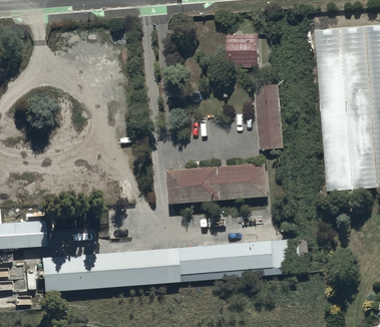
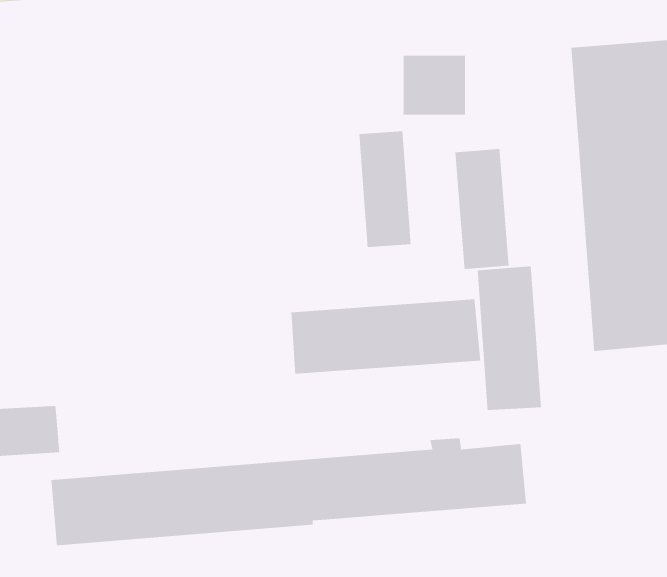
building: none -> [359,131,411,248]
building: none -> [477,265,542,411]

